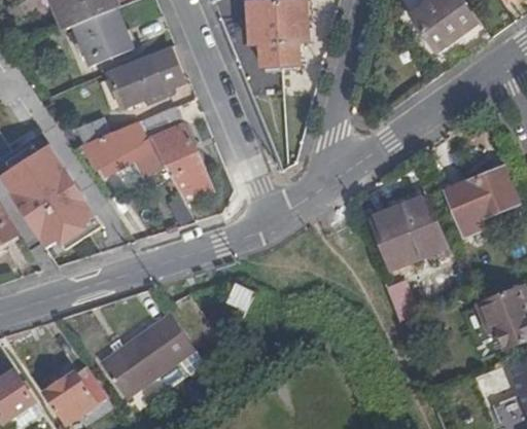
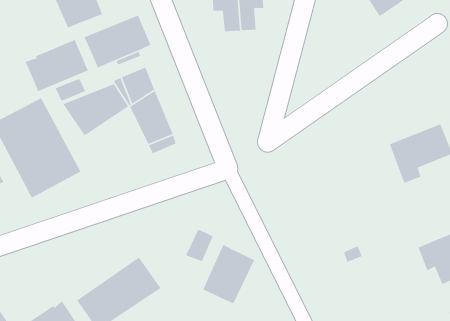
building: none -> [24,39,89,92]
building: [373,196,446,267] -> none
building: none -> [202,244,255,305]

